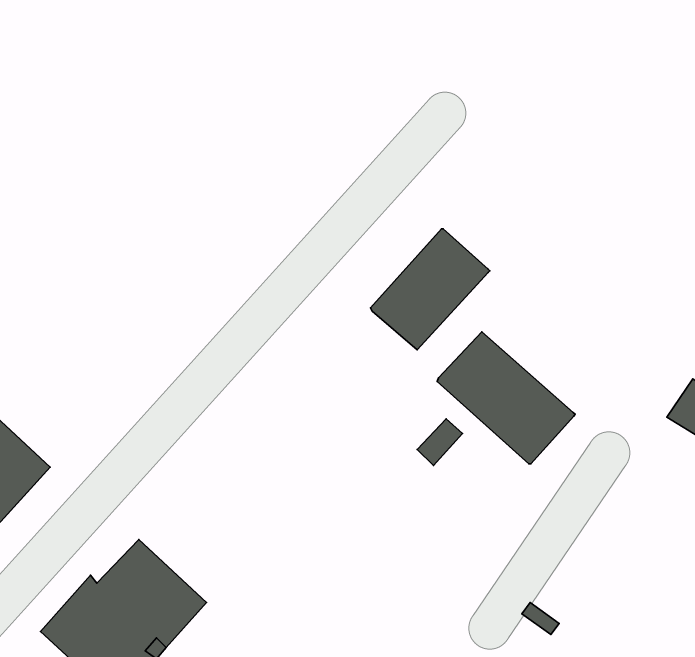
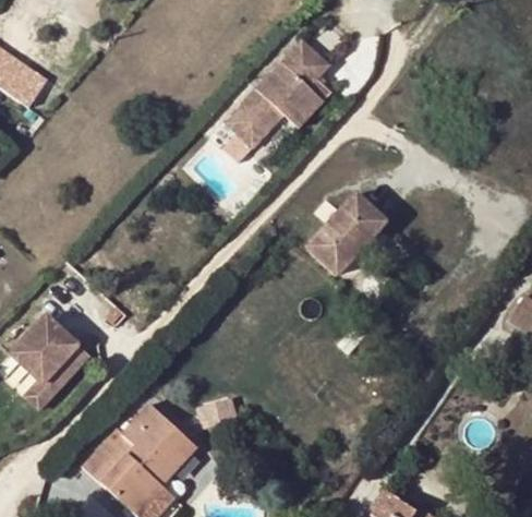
building: none -> [226,44,326,147]
building: [437,332,575,464] -> none

